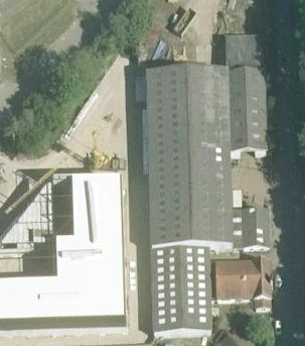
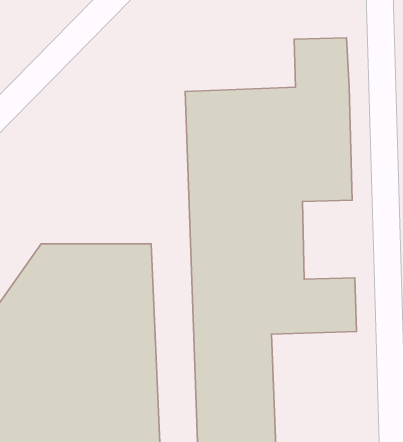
building: [214,257,270,305] -> none

